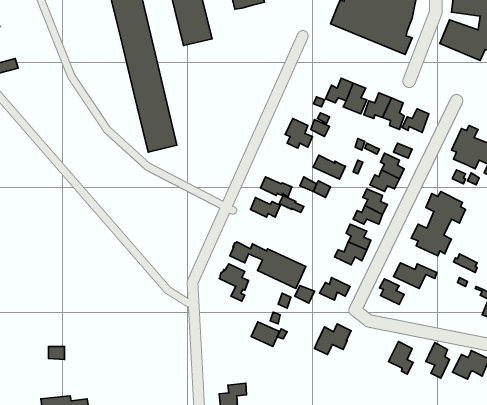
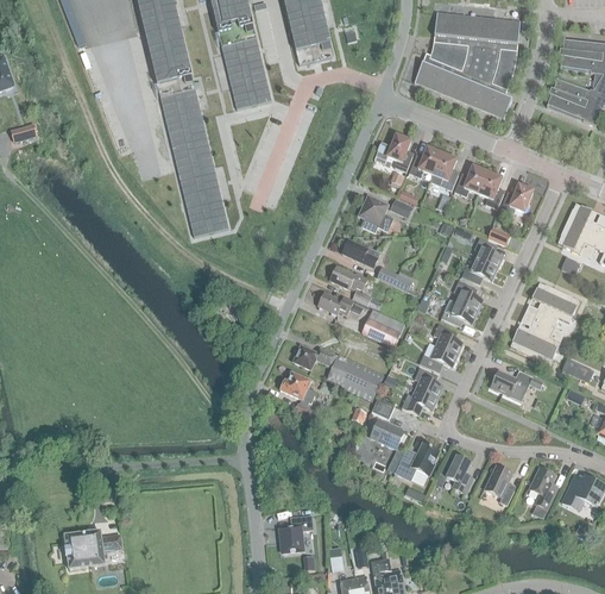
building: none -> [373,133,412,170]
building: [313,155,346,179] -> [341,238,380,267]
building: none -> [361,308,404,346]
building: [379,279,404,304] -> [414,367,443,398]
building: [251,322,280,346] -> [370,418,404,448]
building: none -> [446,455,473,493]

